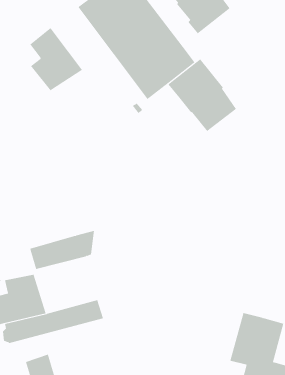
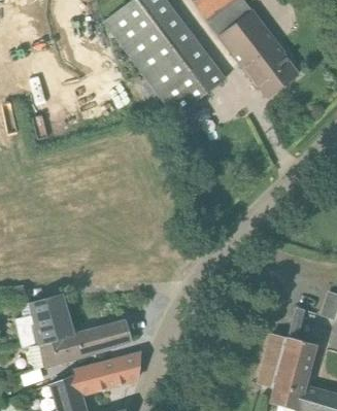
building: [30,27,83,91] -> none
building: [167,58,237,132] -> [228,23,299,98]
building: [29,230,95,270] -> [74,353,141,393]

